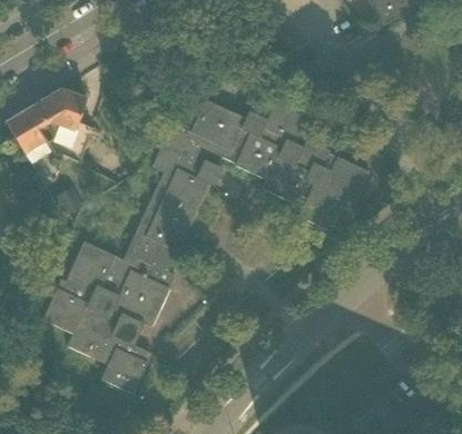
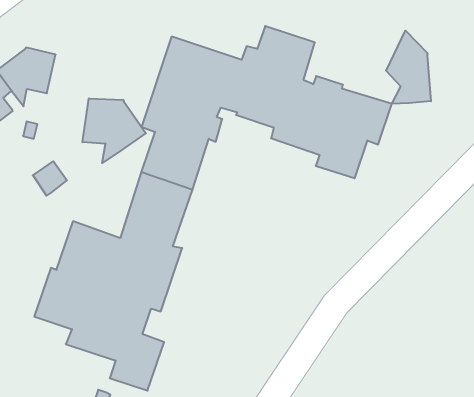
building: none -> [386,31,431,104]
building: none -> [82,98,146,163]

